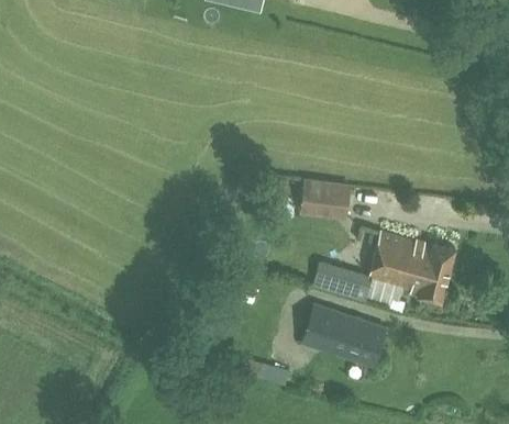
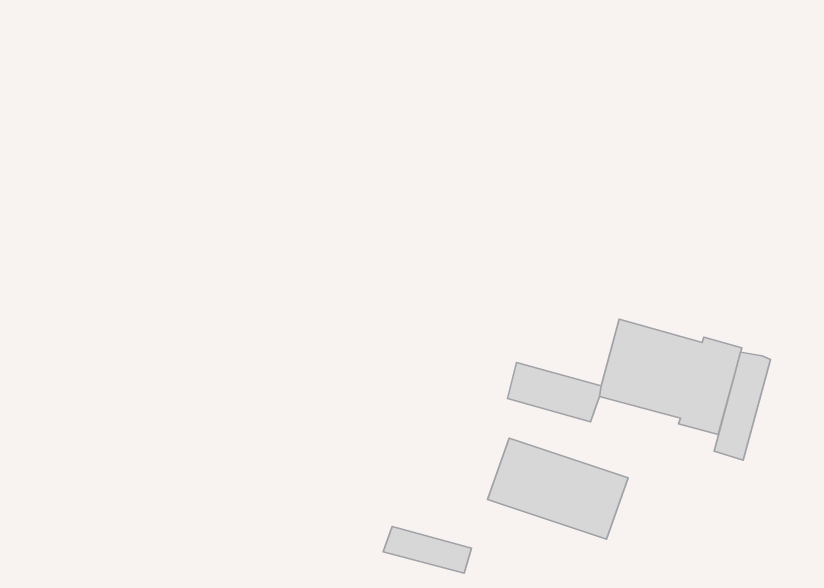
building: [300,180,353,223] -> none
building: none -> [714,352,770,460]

